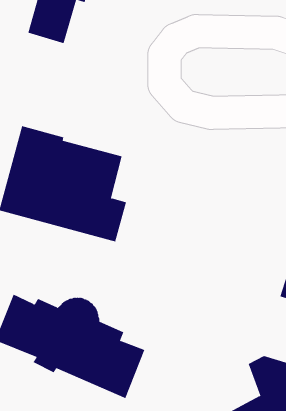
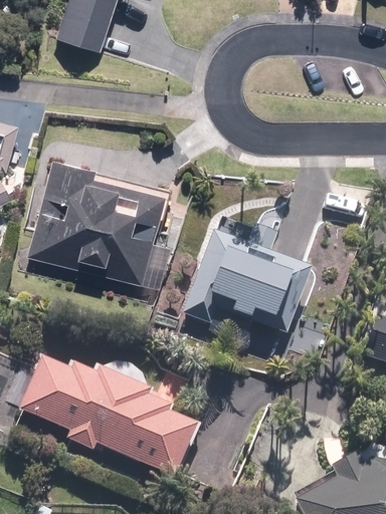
building: none -> [179,216,317,339]

